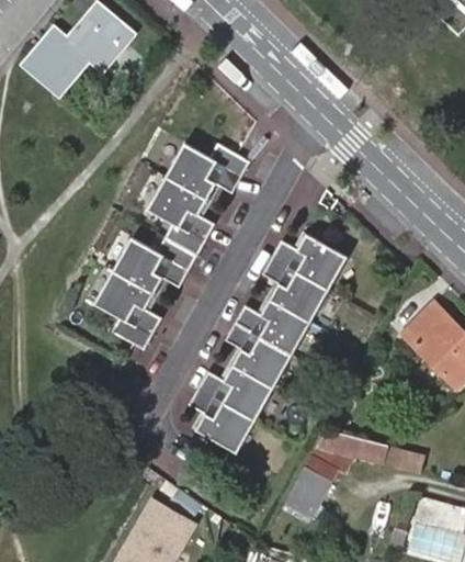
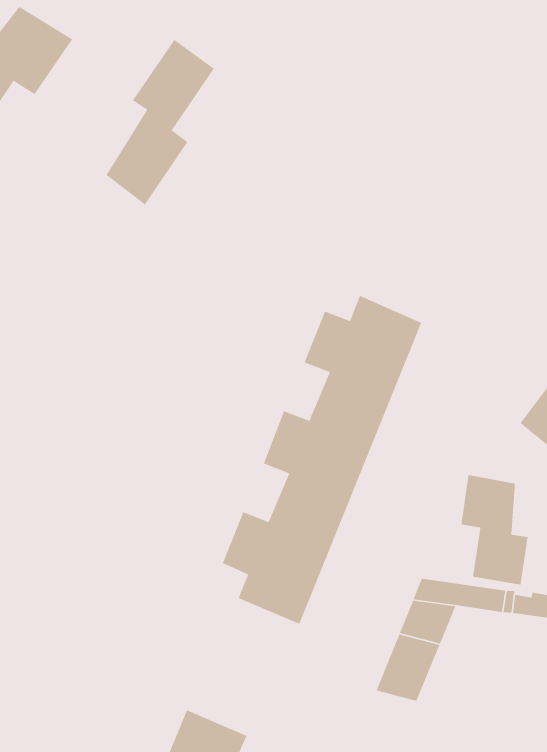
building: none -> [106,39,215,206]
building: [97,144,249,350] -> none
building: none -> [461,474,528,585]

